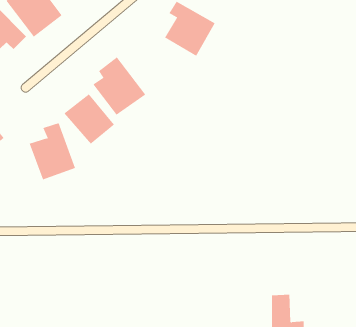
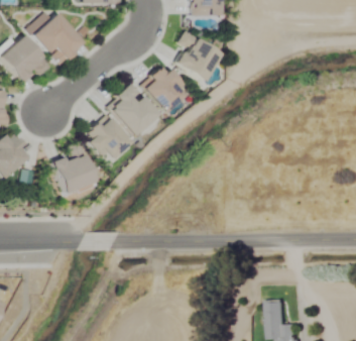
building: none -> [142,68,190,113]

